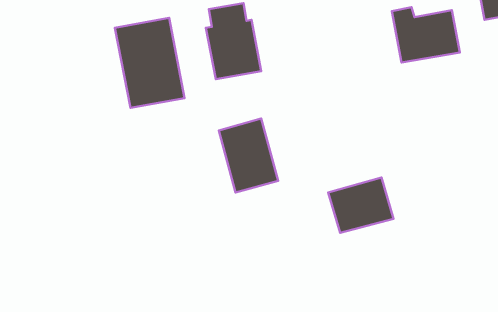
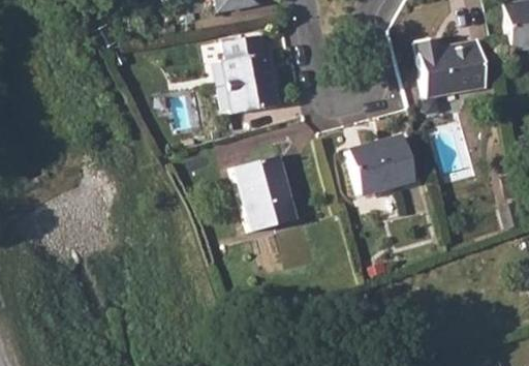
building: [115,18,184,108] -> none
building: [328,178,393,233] -> [347,136,415,194]

